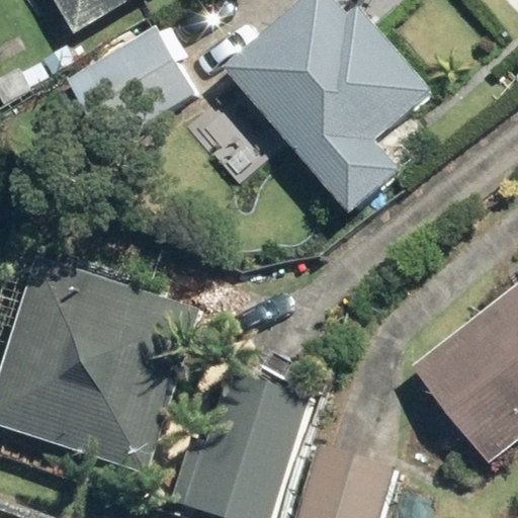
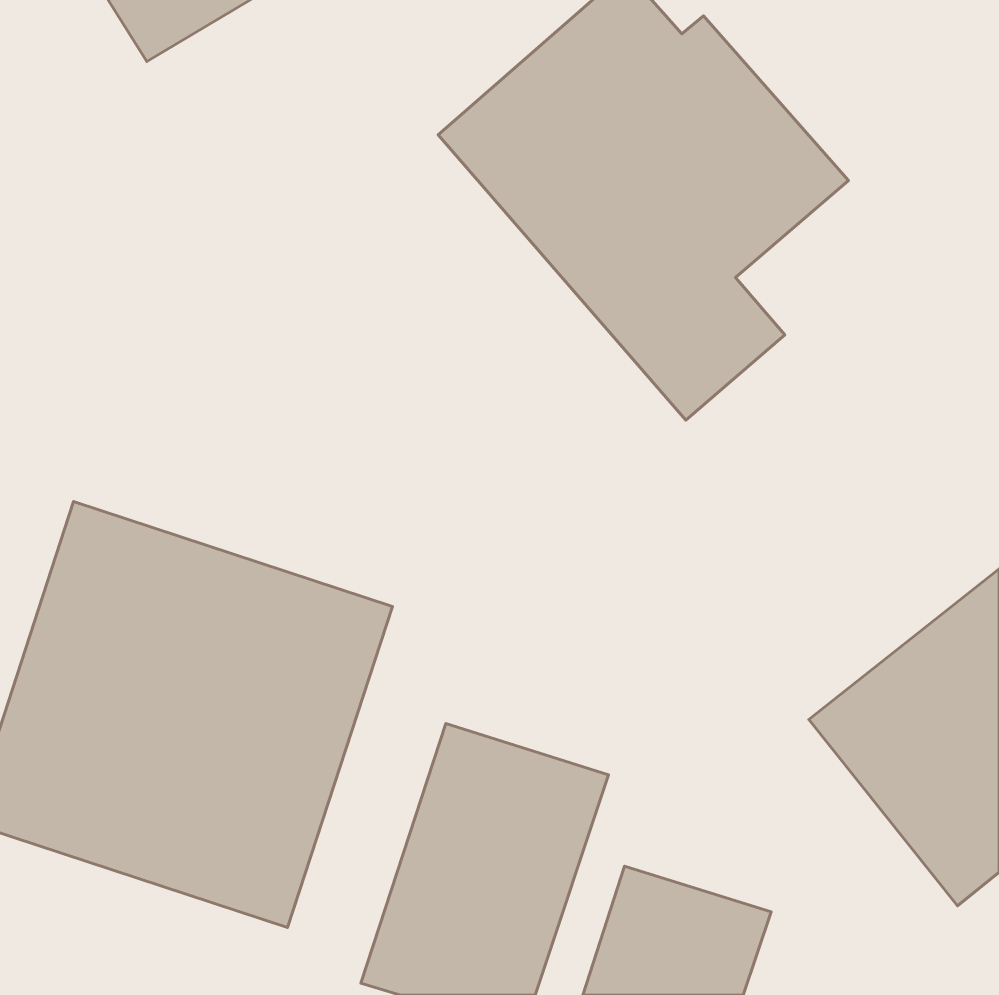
building: [66,24,195,145] -> none

